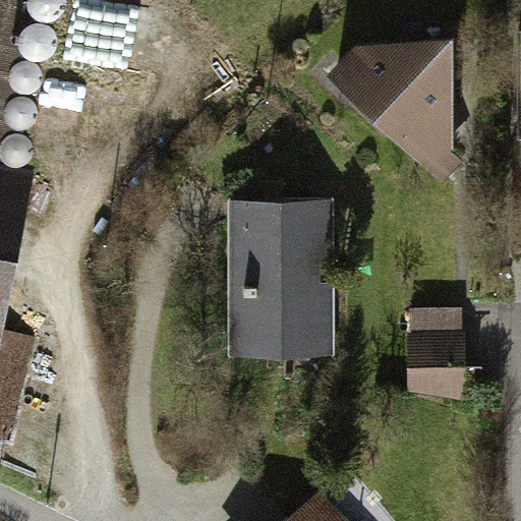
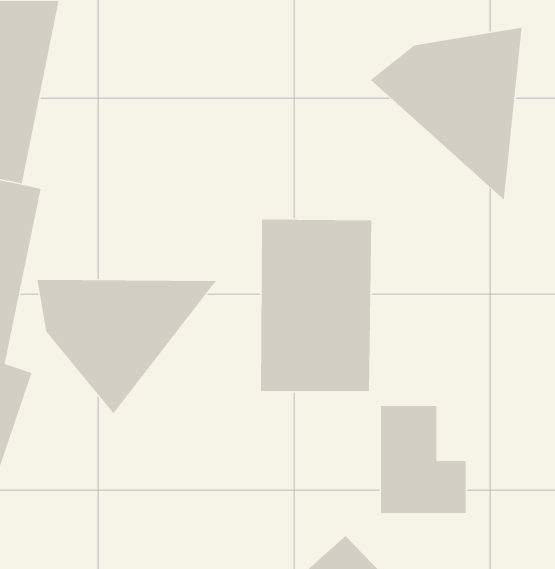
building: none -> [36,279,217,414]
building: [409,309,487,408] -> [380,405,466,514]

